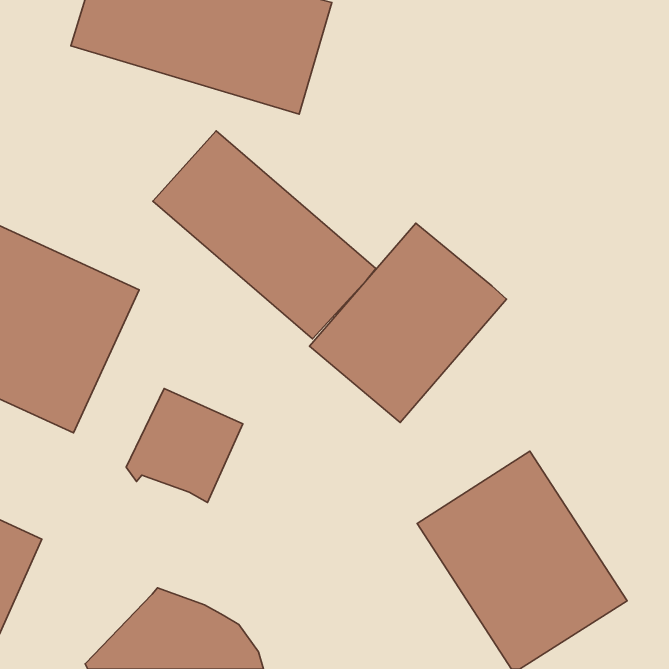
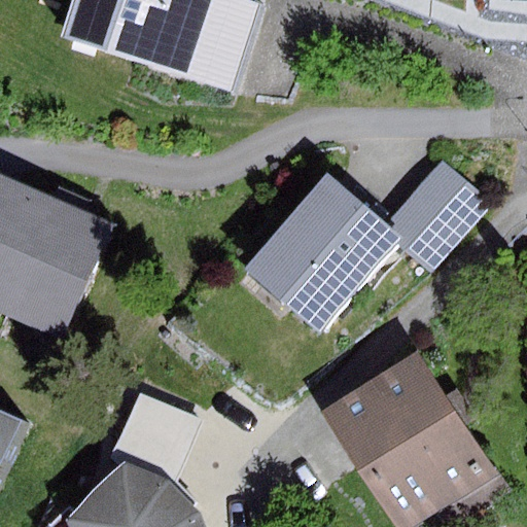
building: [153,131,376,339] -> none
building: none -> [386,161,491,268]
building: [126,388,243,503] -> [111,393,203,483]

